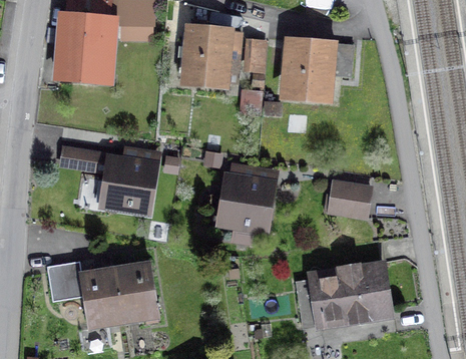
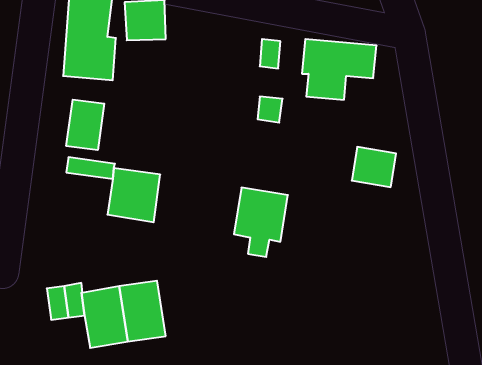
building: [186,18,240,82] -> none
building: none -> [66,100,104,150]
building: [329,180,370,217] -> [352,147,396,187]
building: [296,264,386,322] -> none

